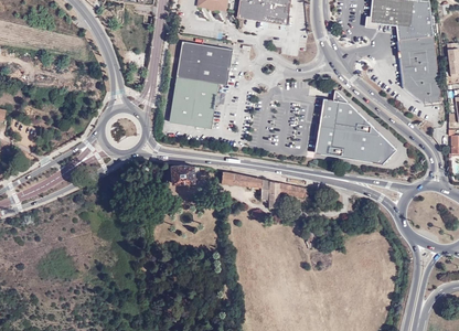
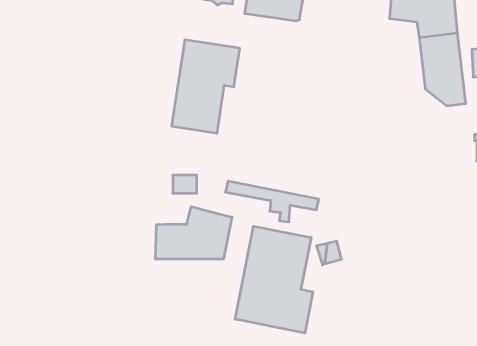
building: [313,90,396,163] -> none
building: none -> [155,207,232,259]
building: none -> [235,226,313,333]

